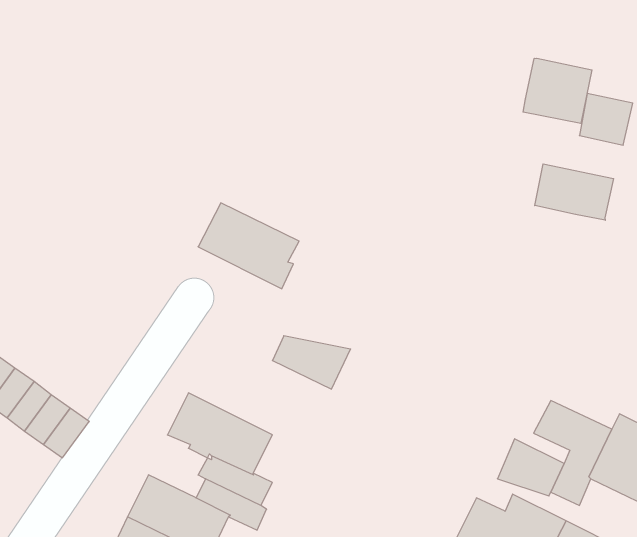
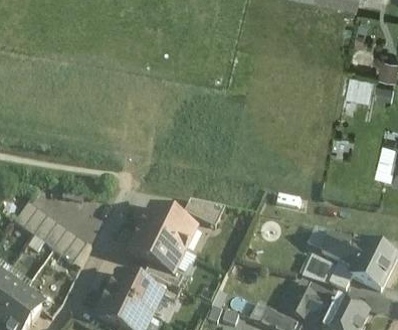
building: [523,58,592,123] -> none
building: [535,164,614,220] -> none
building: [198,203,299,289] -> [140,208,193,254]

